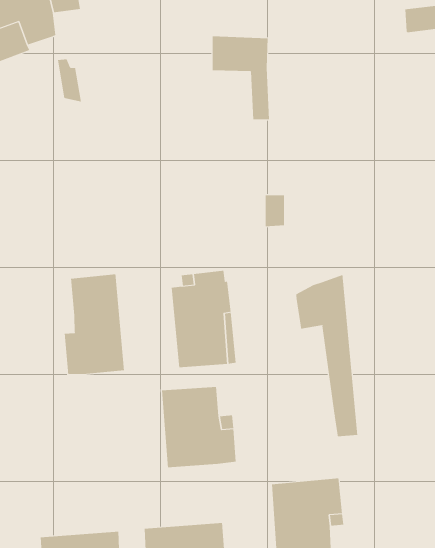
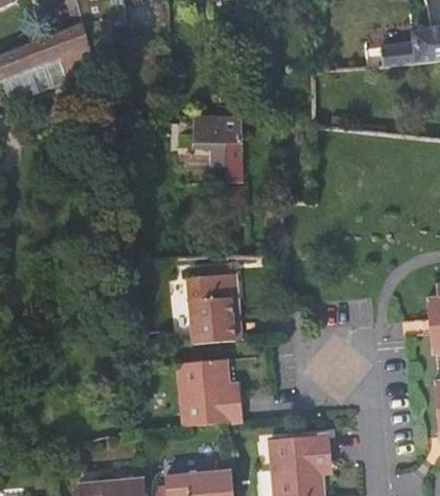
building: [212,36,270,120] -> [193,113,242,183]
building: [64,274,124,375] -> none
building: [296,274,358,437] -> none

